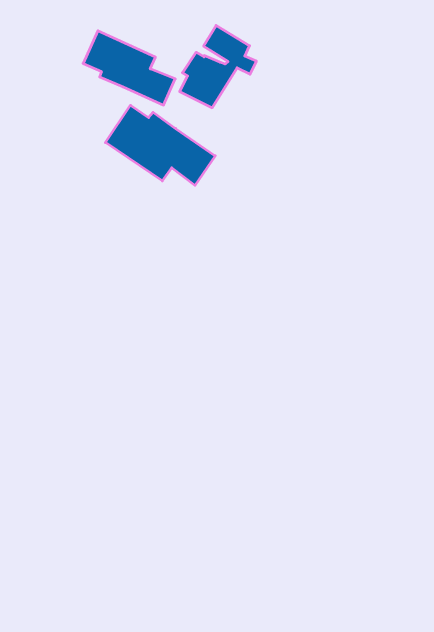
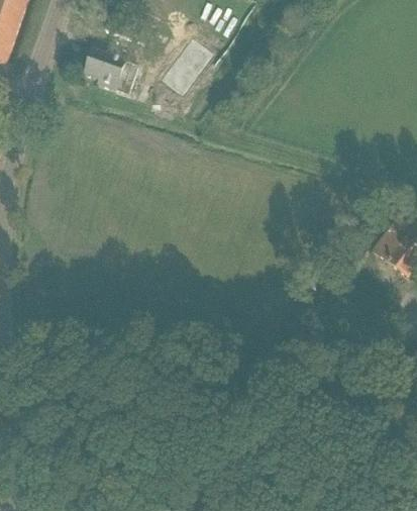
building: [105,105,215,185] -> none

